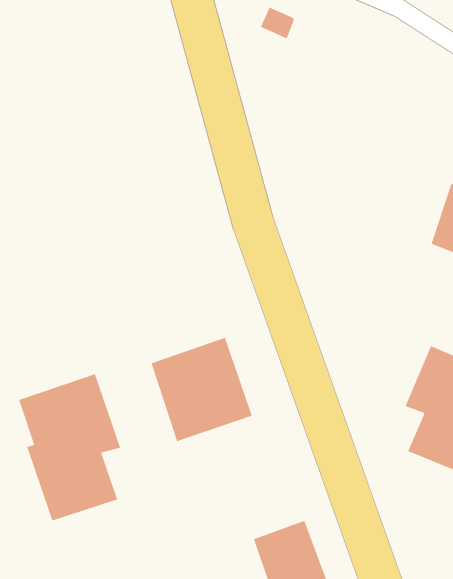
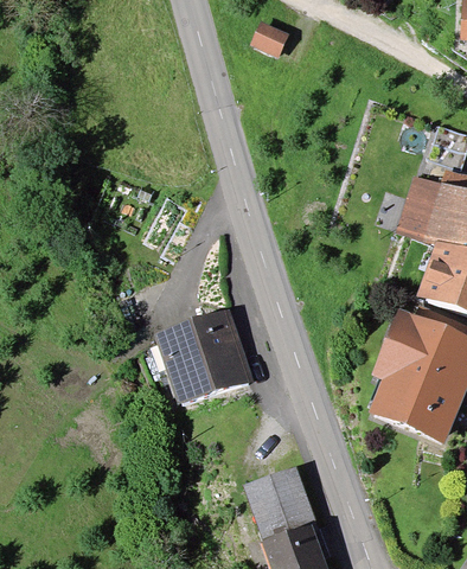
building: [18,373,121,521] -> none

